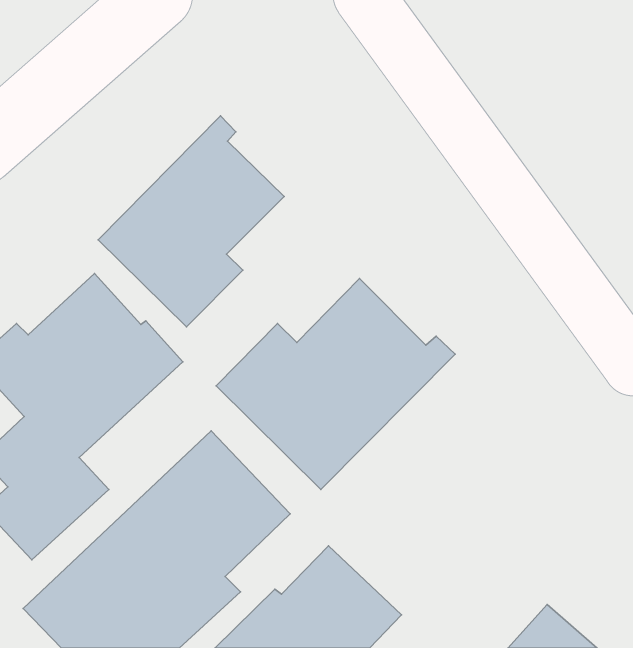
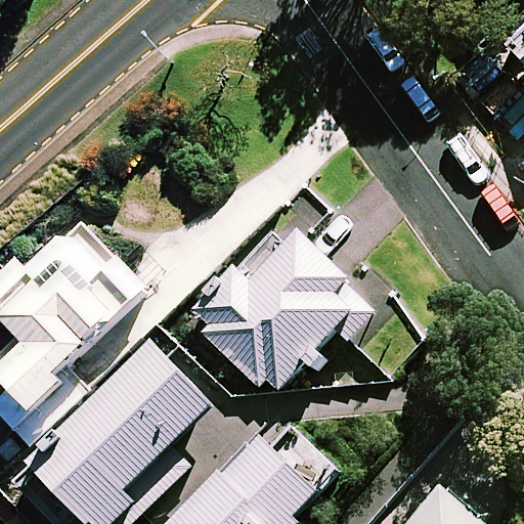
building: [98,116,284,327] -> none

